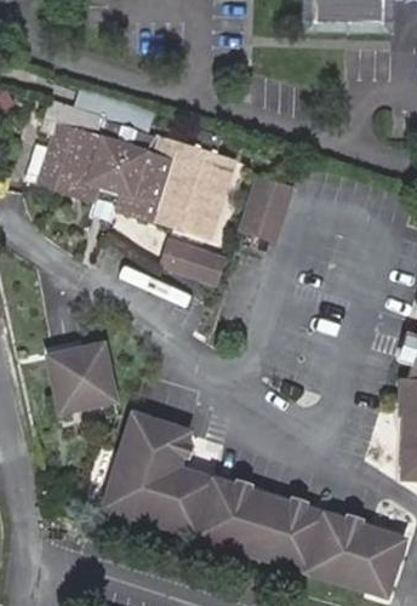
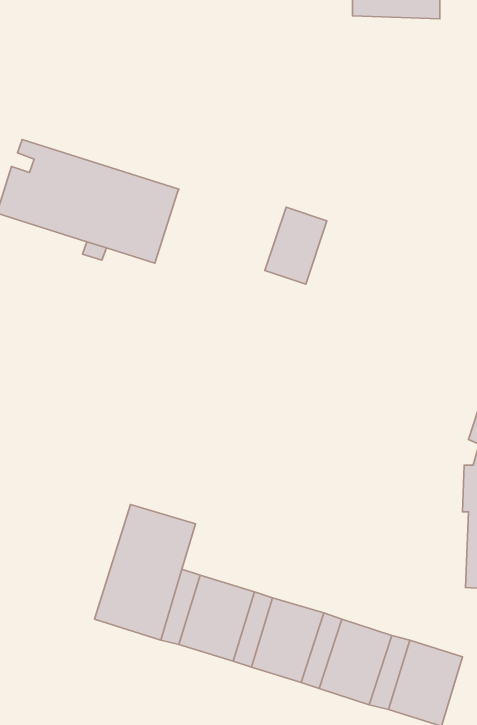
building: [153,142,238,239] -> none
building: [164,239,225,281] -> none
building: [48,344,114,410] -> none

